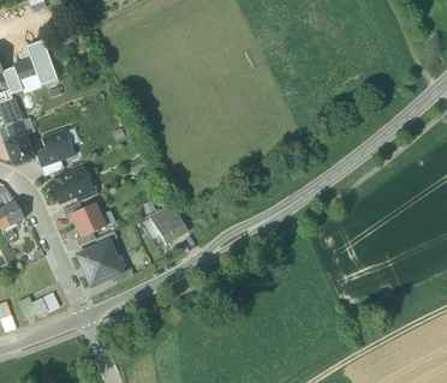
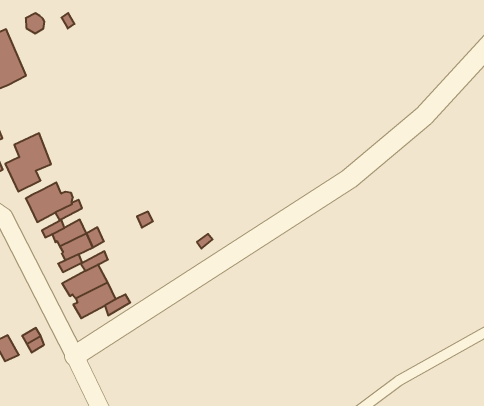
building: [148,204,186,244] -> none

